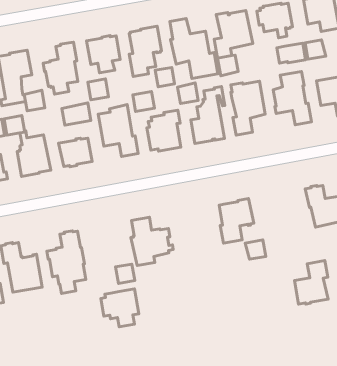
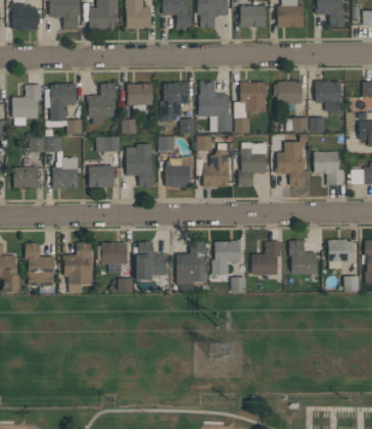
building: none -> [177,249,208,291]
building: [294,261,328,304] -> [252,241,281,275]
building: [101,289,139,327] -> [98,242,128,272]

